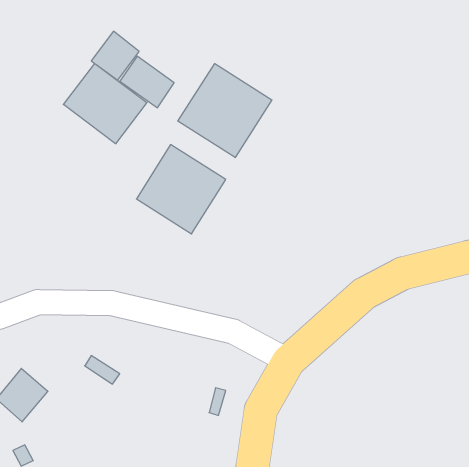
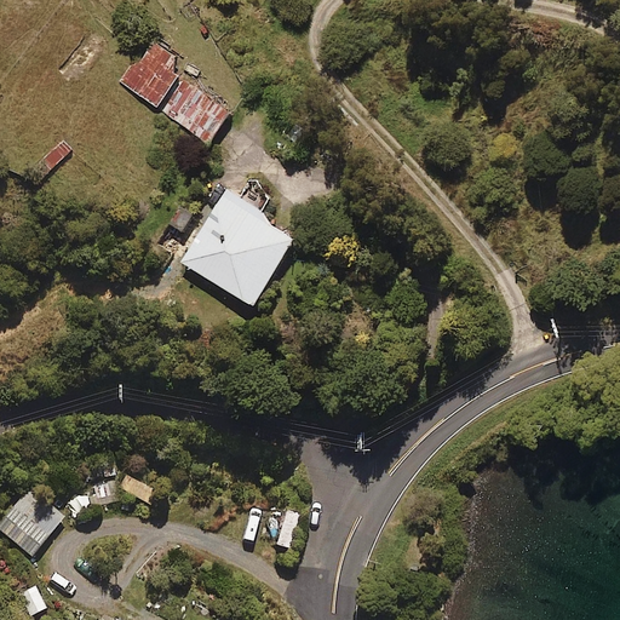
building: [63,63,147,144] -> none
building: [178,64,272,158] -> none

